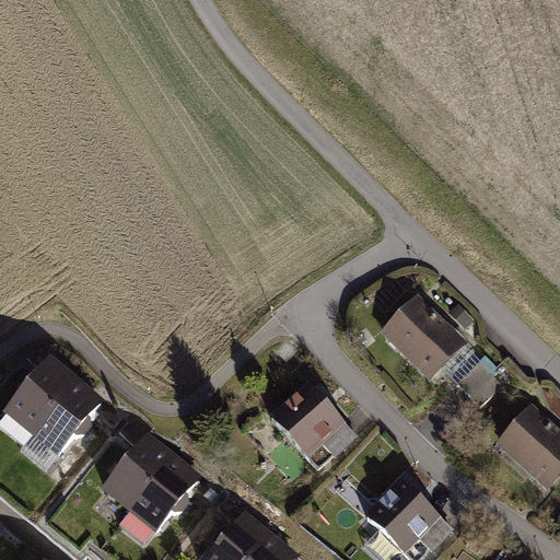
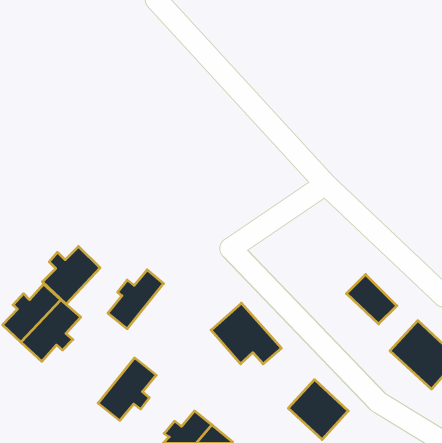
building: [378,293,466,381] -> none
building: none -> [42,246,100,304]
building: [102,433,172,508] -> [108,270,164,329]

